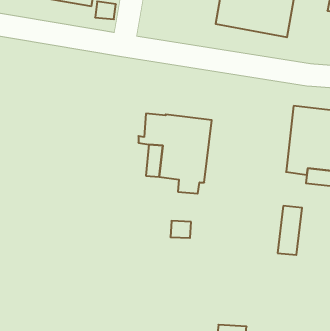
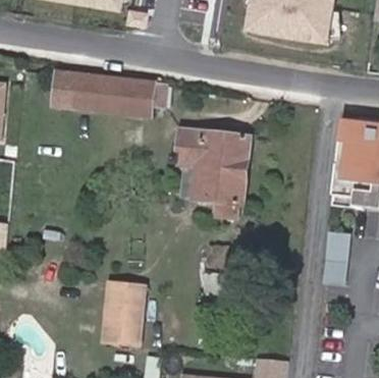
building: none -> [52,70,163,113]
building: none -> [103,281,141,342]

